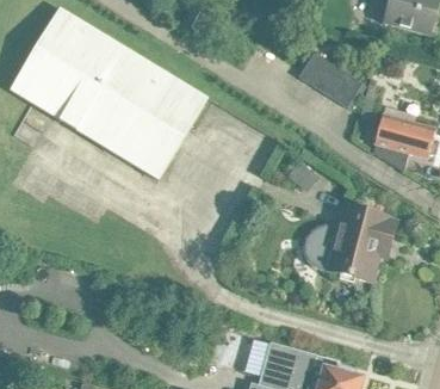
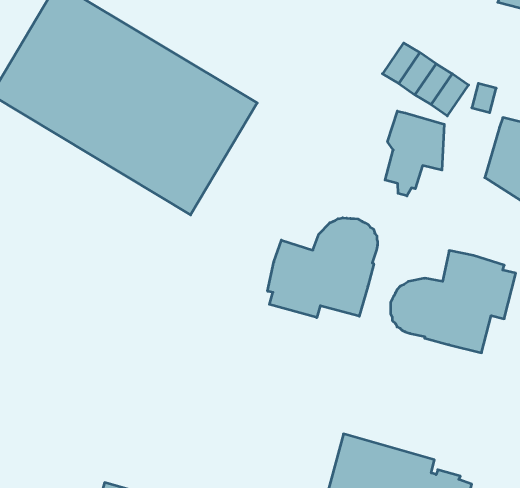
building: none -> [385,111,444,196]
building: none -> [268,218,378,318]

